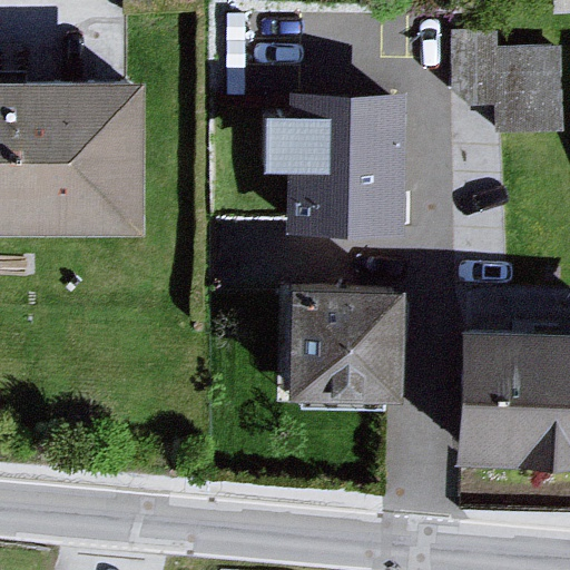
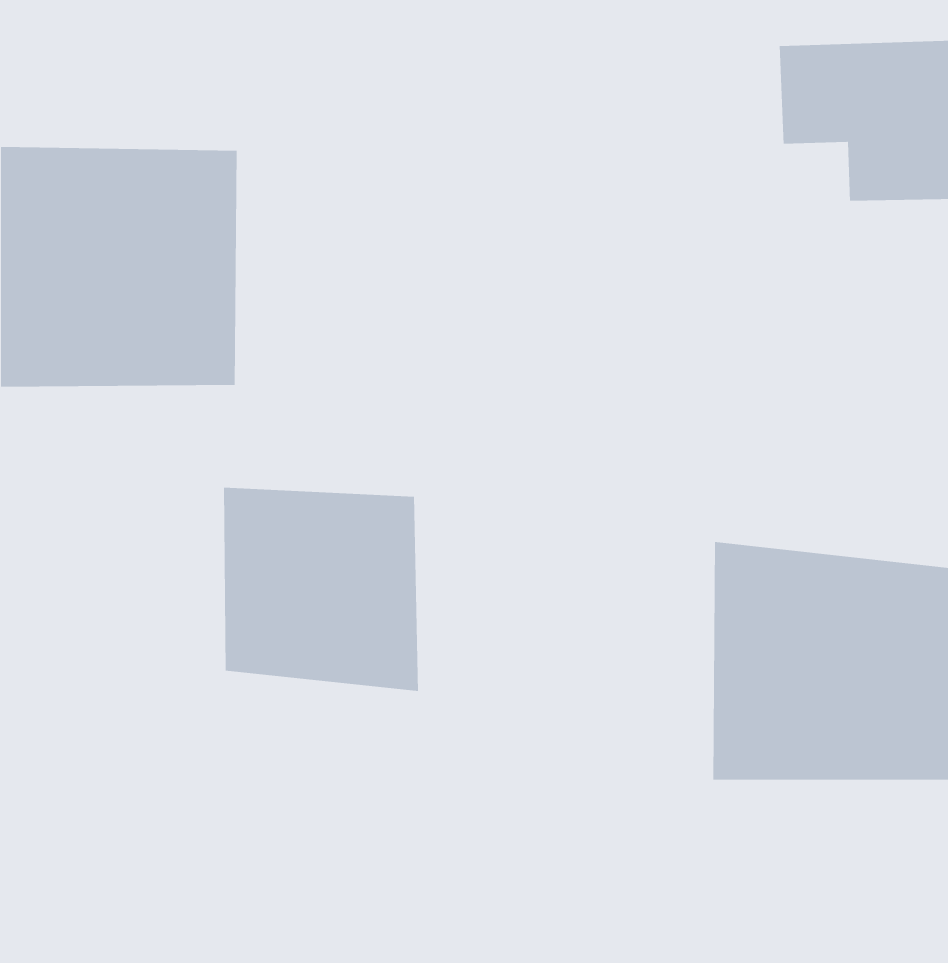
building: [282,99,407,242] -> none
building: [267,289,382,410] -> [223,487,419,692]

